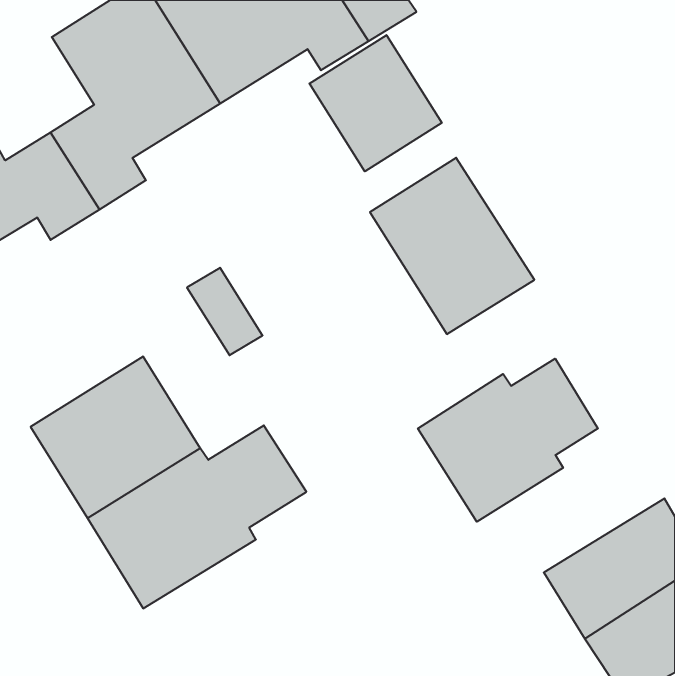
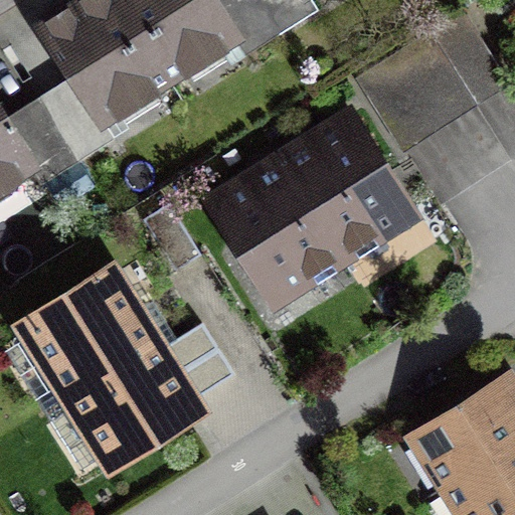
building: [309,35,442,171] -> none
building: none -> [215,162,339,296]
building: [418,359,598,522] -> none

